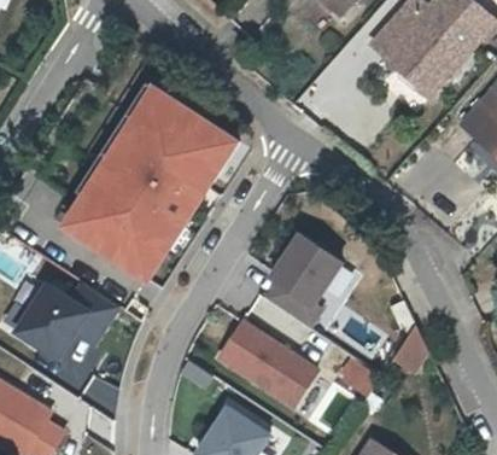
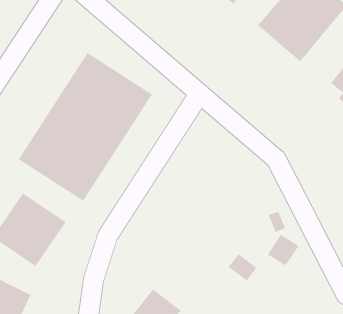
building: [263,232,347,319] -> none
building: [216,317,316,410] -> none

